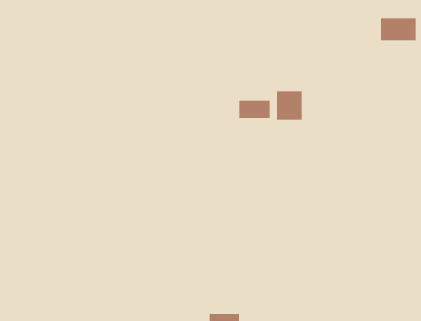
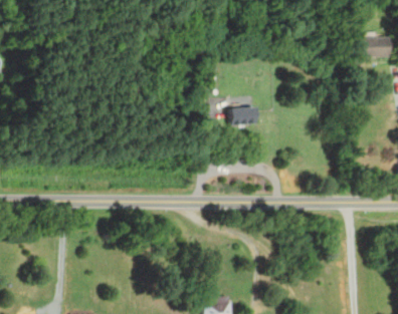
building: [276,90,302,121] -> none

